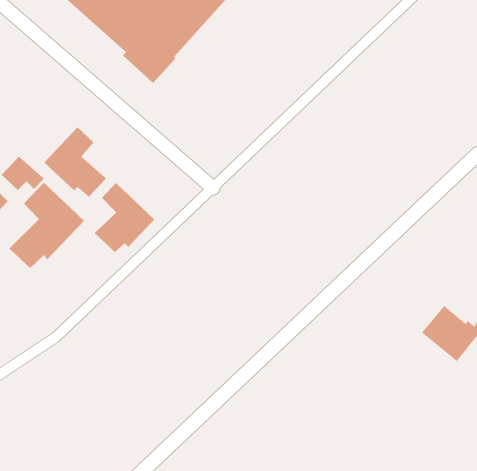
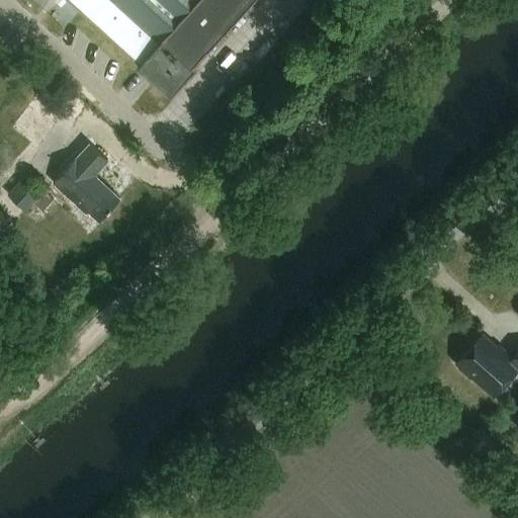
building: [8,182,85,269] -> none
building: [94,182,155,253] -> none

